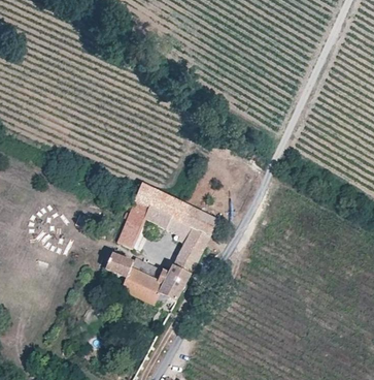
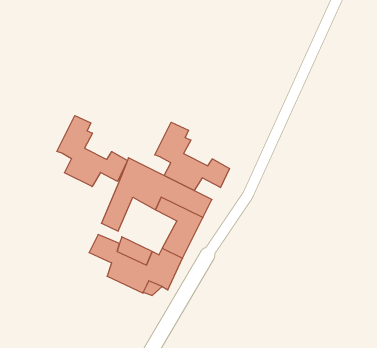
building: none -> [57,116,127,187]
building: none -> [155,122,229,191]

